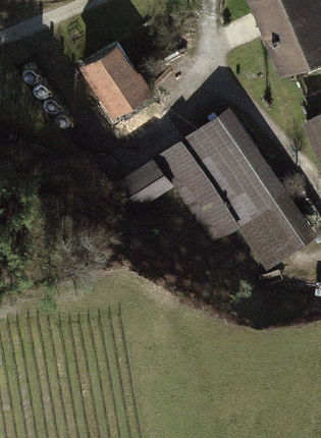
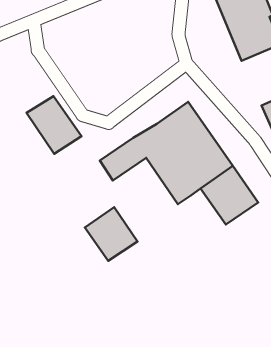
building: [86,45,150,112] -> [26,96,81,154]
building: none -> [85,207,137,261]

